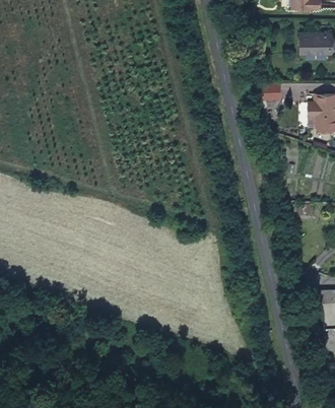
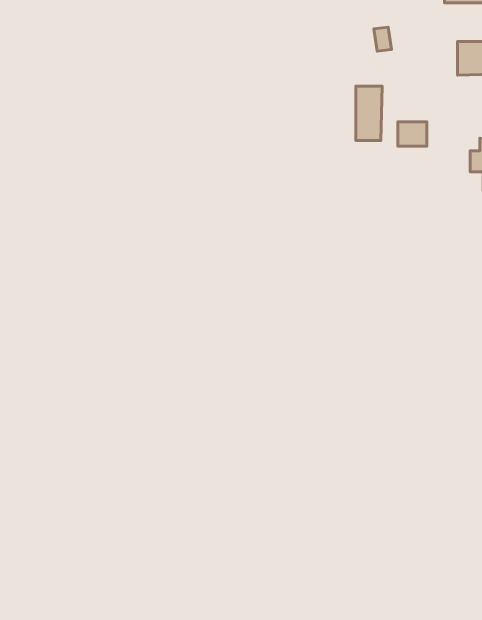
building: none -> [356,86,382,140]

